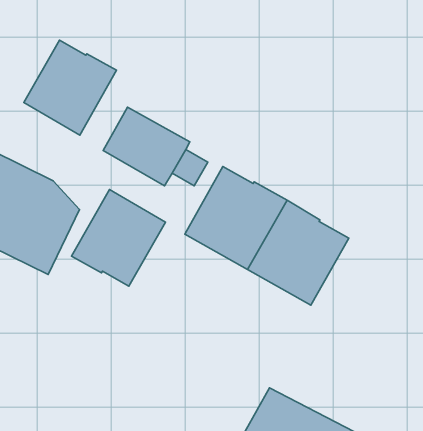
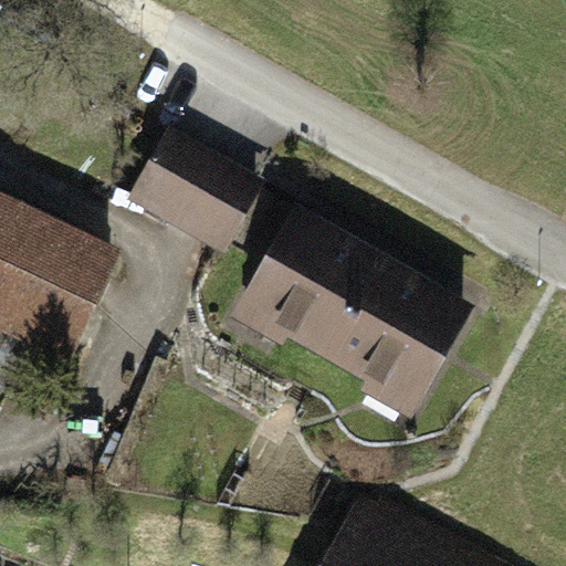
building: [24,40,117,135] -> none
building: [72,190,165,286] -> none

